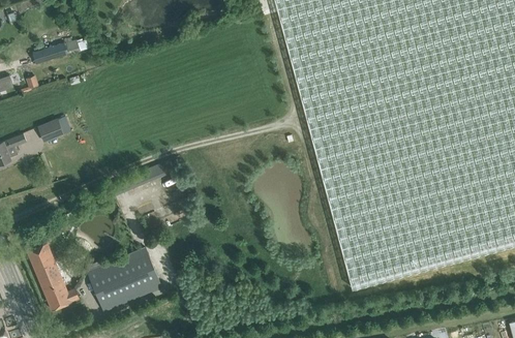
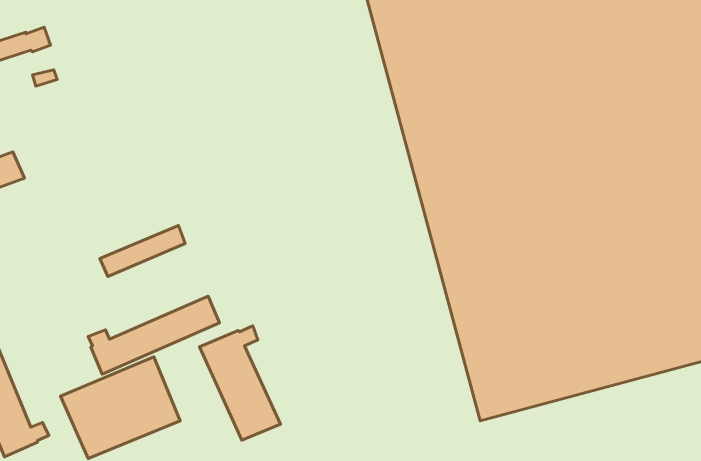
building: none -> [88,296,219,374]
building: none -> [199,326,281,440]

